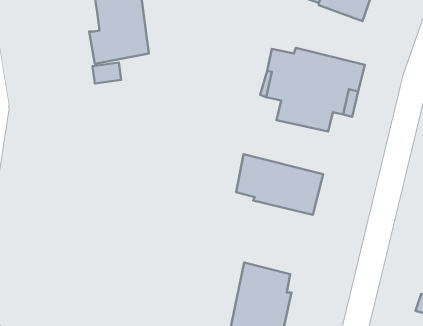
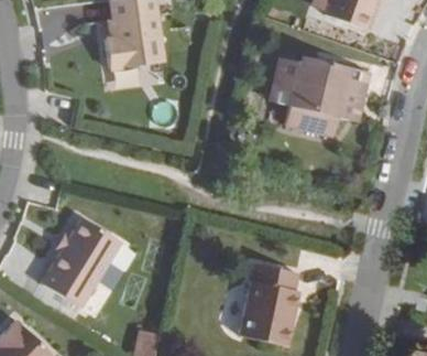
building: [236,154,323,215] -> none
building: none -> [40,216,120,308]

